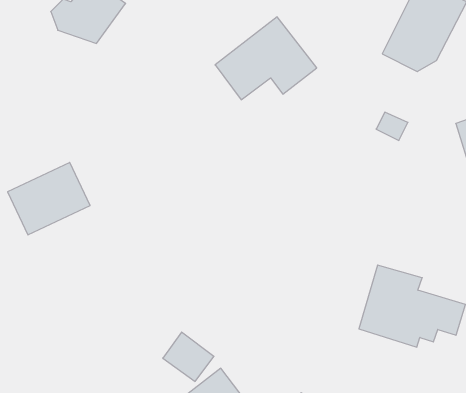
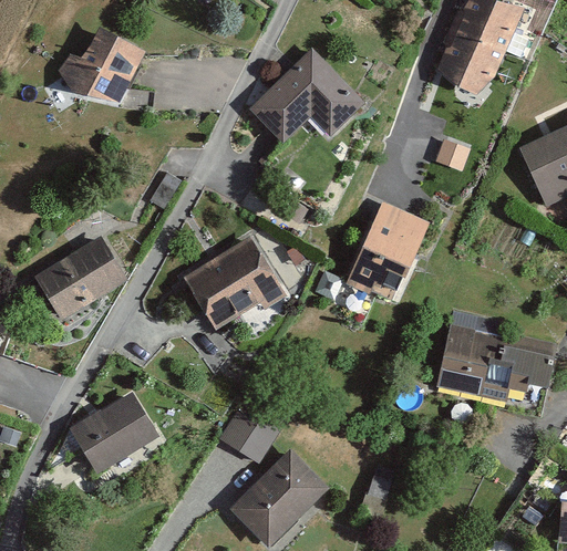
building: none -> [349,201,425,291]
building: none -> [181,233,287,330]
building: none -> [70,393,158,474]

